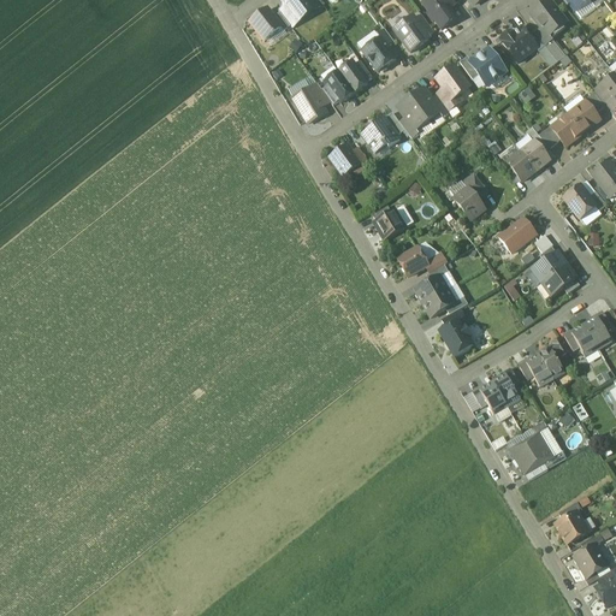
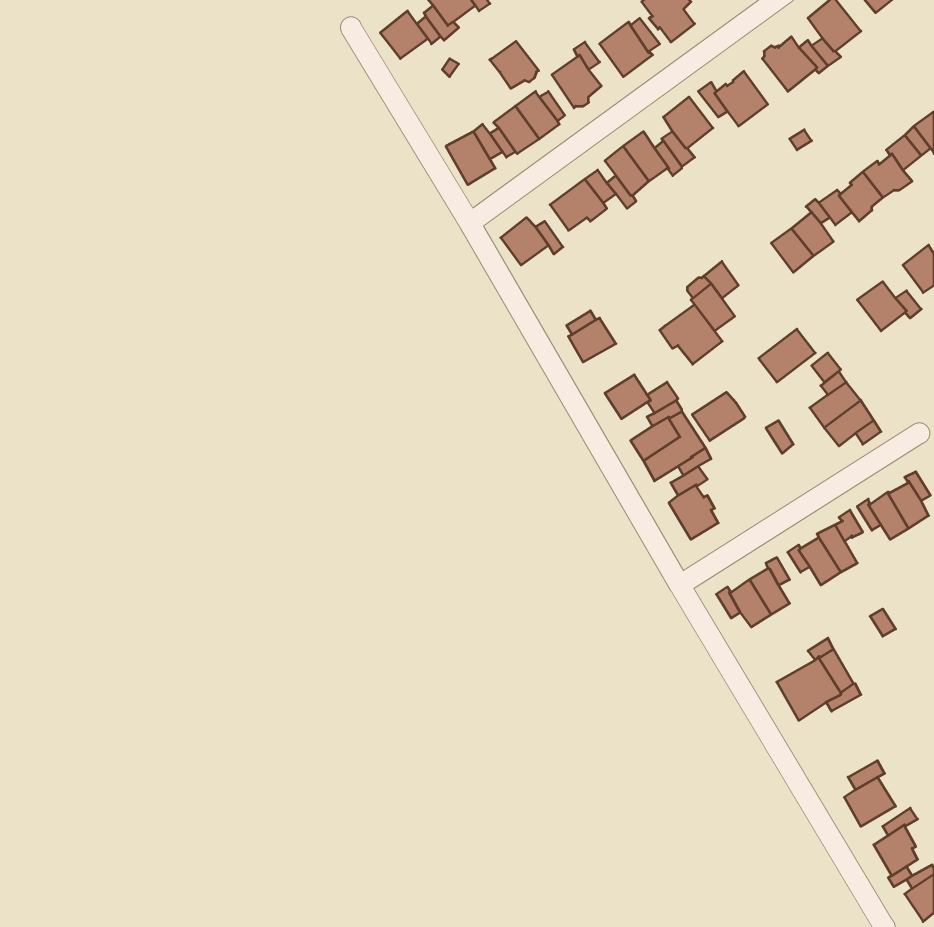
building: none -> [490,41,539,88]
building: none -> [660,304,722,364]
building: none -> [692,392,745,441]

